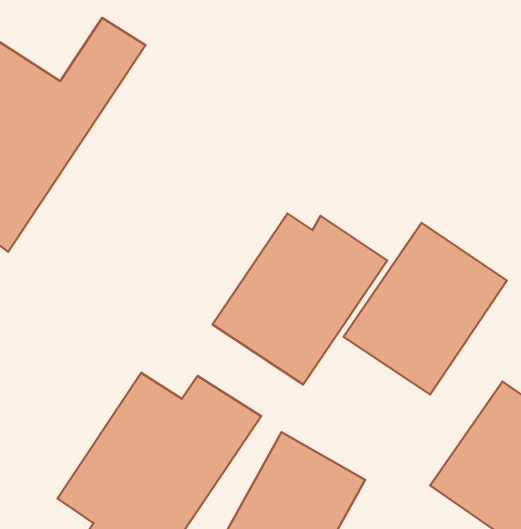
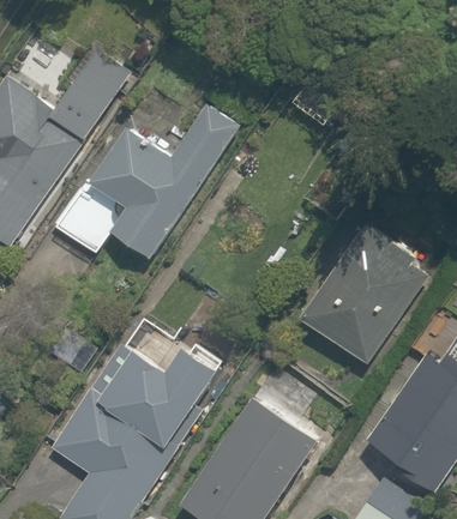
building: none -> [60,99,241,259]
building: [213,214,387,385] -> none

